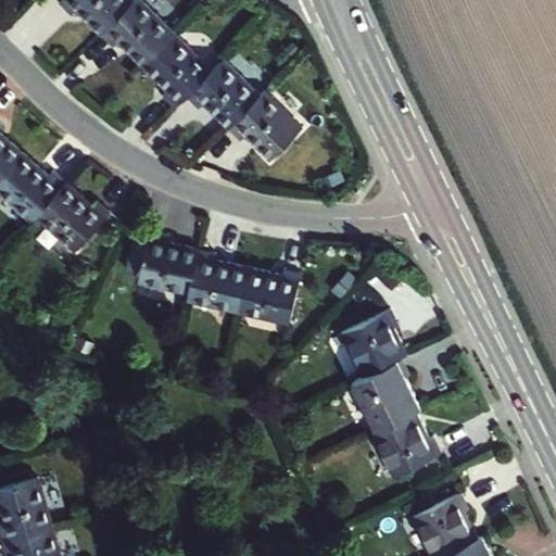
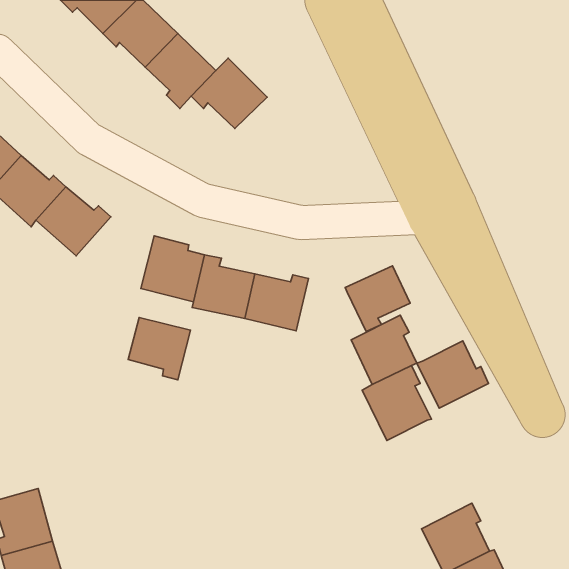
building: [228,91,300,160] -> none
building: none -> [345,266,410,331]
building: none -> [128,317,191,380]
building: [370,410,440,476] -> [417,341,489,408]

